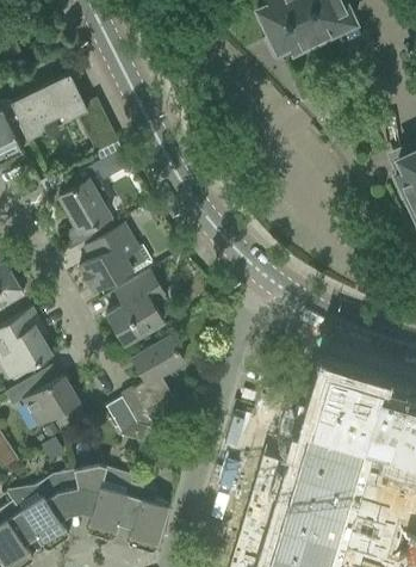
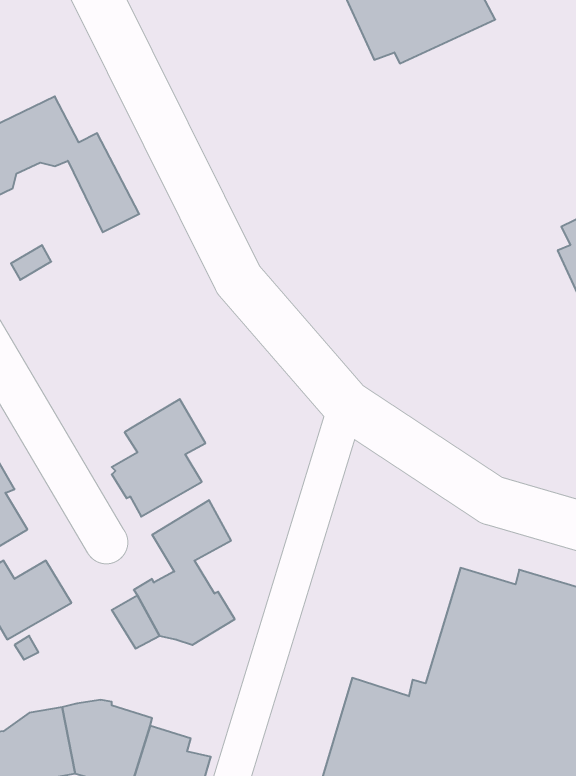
building: [58,175,114,252] -> none
building: [77,227,153,294] -> none

